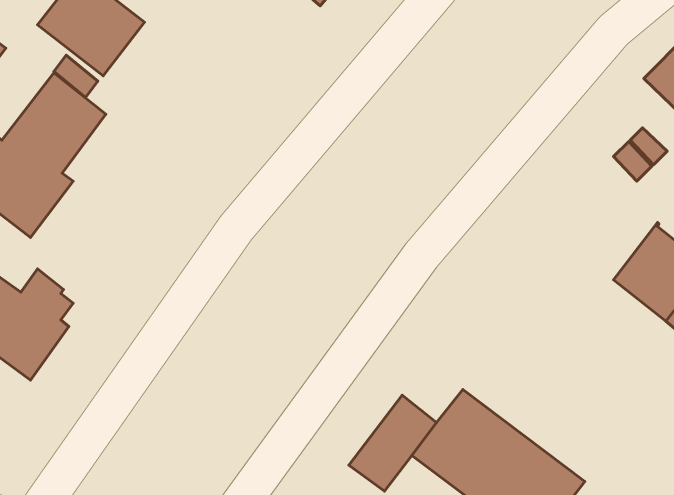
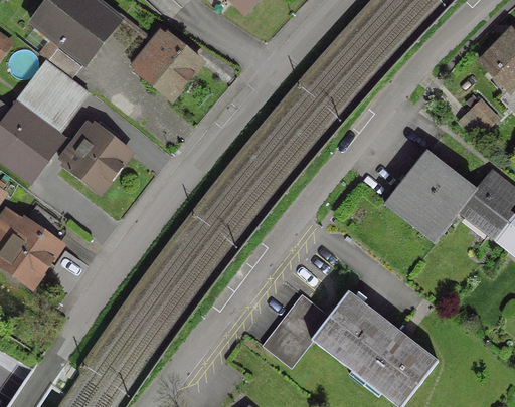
building: none -> [132,30,201,98]
building: none -> [58,121,130,190]
building: none -> [384,151,475,242]

